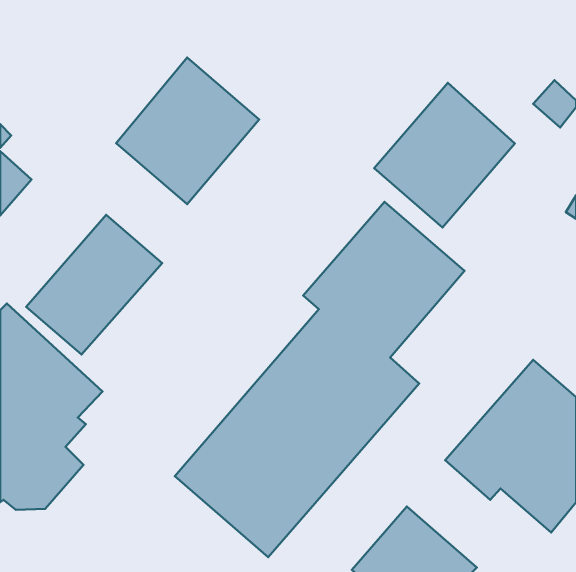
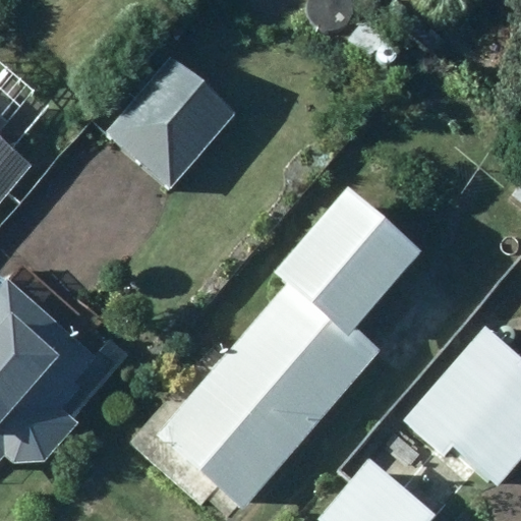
building: [374,83,515,227] -> none
building: [26,215,162,354] -> none

